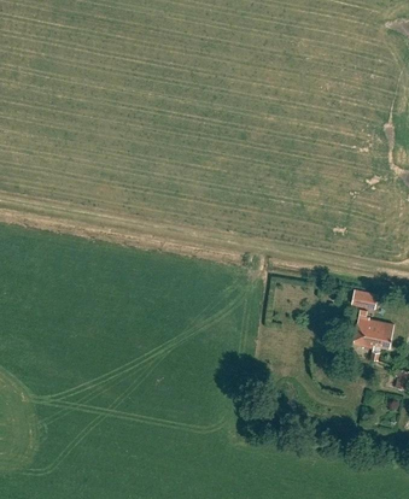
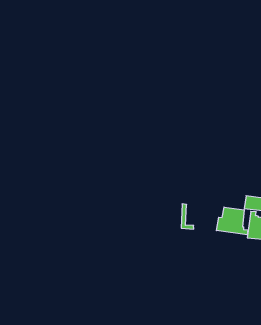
building: none -> [216,207,248,235]

